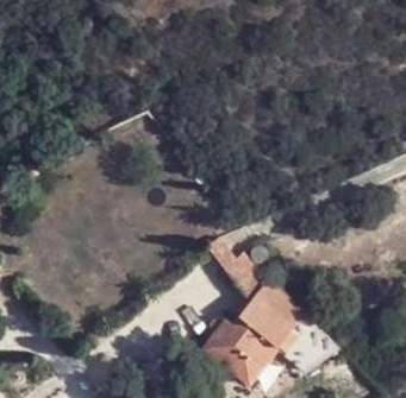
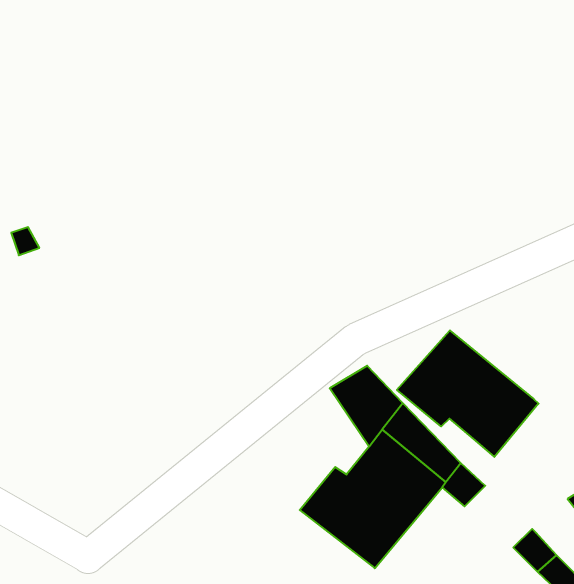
building: none -> [397,330,539,457]

